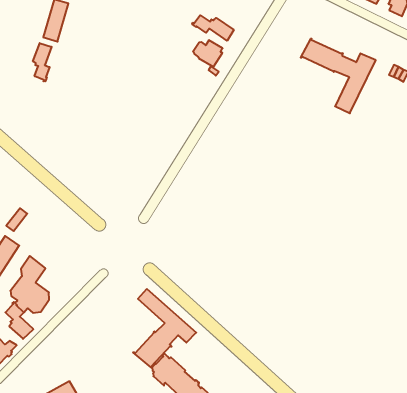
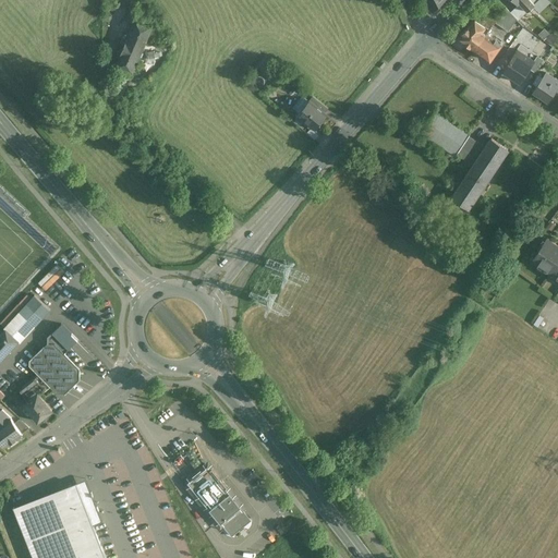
building: [192,15,234,41] -> none
building: [33,43,52,81] -> none
building: [133,289,196,368] -> none

